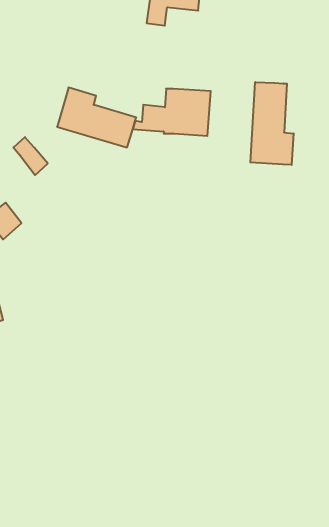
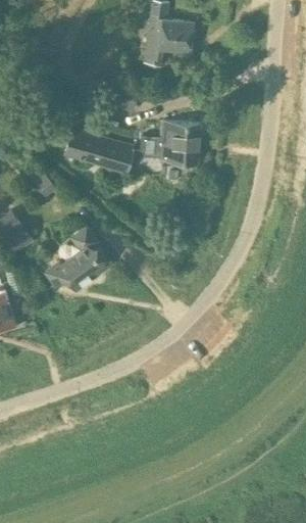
building: [250,82,294,165] -> none
building: none -> [44,225,103,289]

